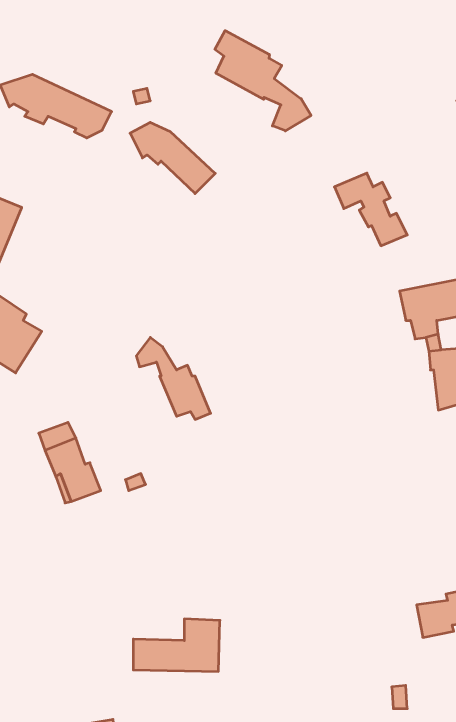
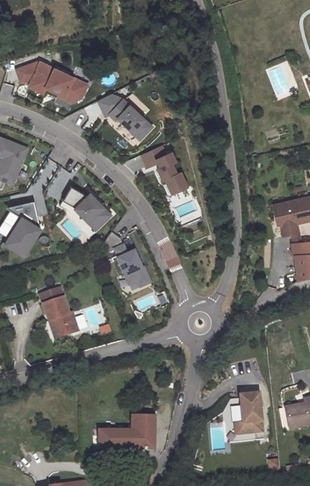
building: [215,31,311,131] -> none
building: [334,173,407,246] -> [141,146,188,193]
building: none -> [63,187,111,230]
building: none -> [233,384,261,433]

